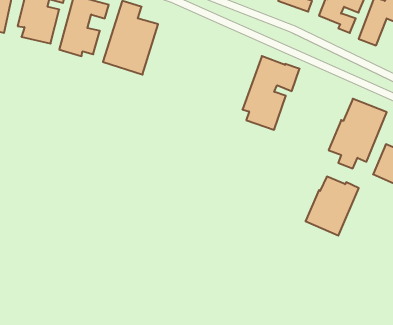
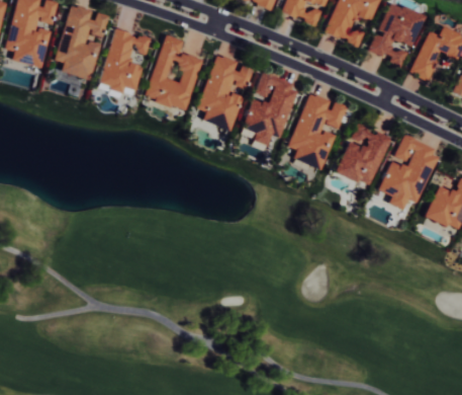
building: none -> [197,54,254,131]
building: none -> [243,73,300,146]
building: [305,177,359,236] -> [338,126,393,187]

